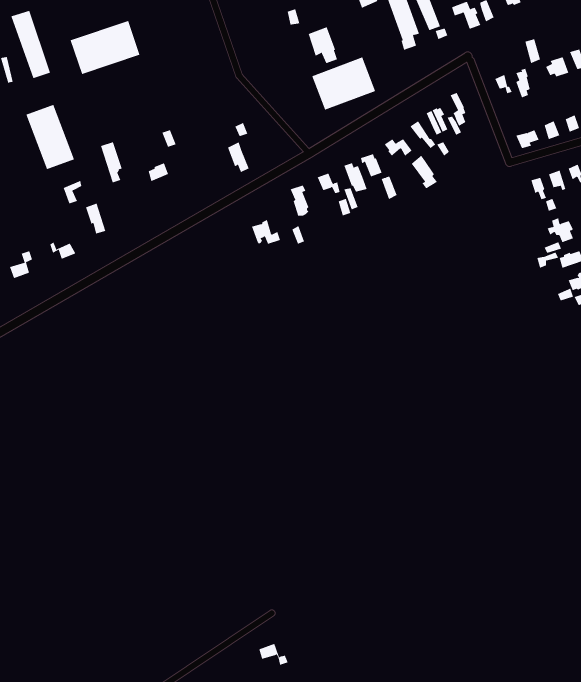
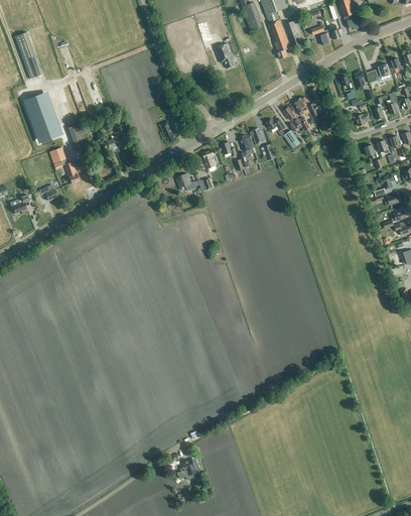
building: [70,20,140,75] -> none
building: [311,57,376,111] -> none

